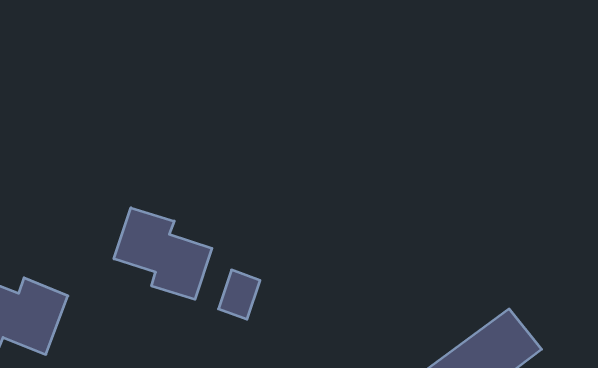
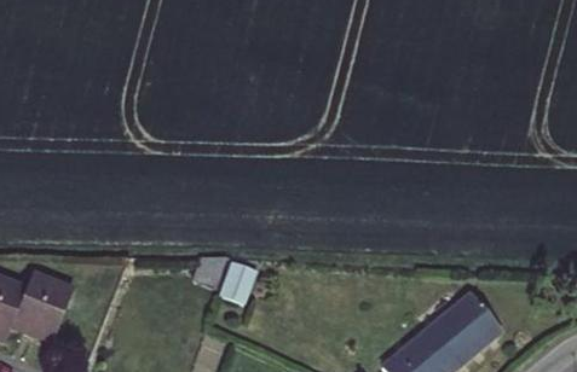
building: [114,208,212,299] -> none

